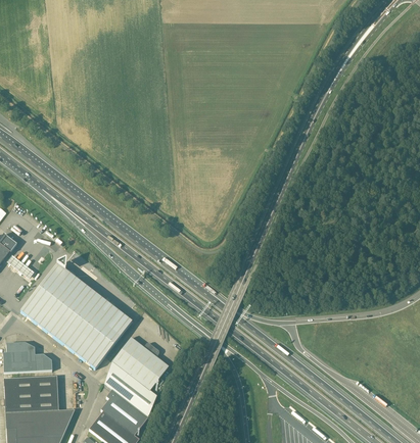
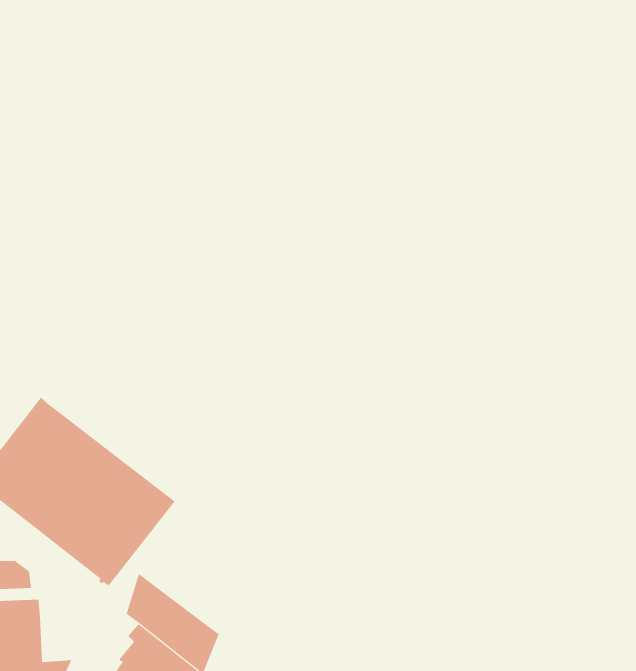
building: [111,337,169,390] -> none

